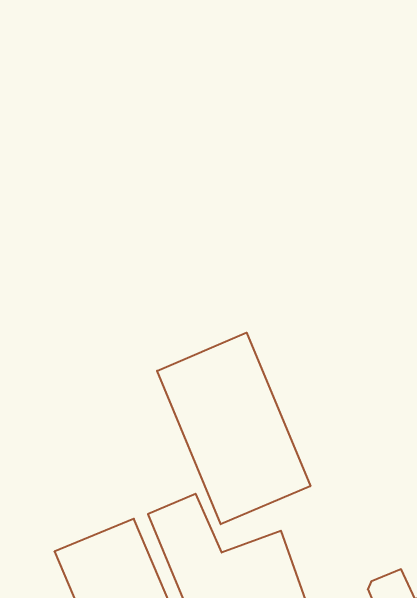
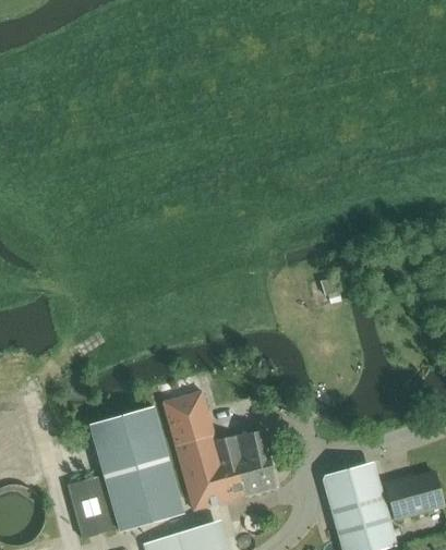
building: [157,333,310,524] -> none

